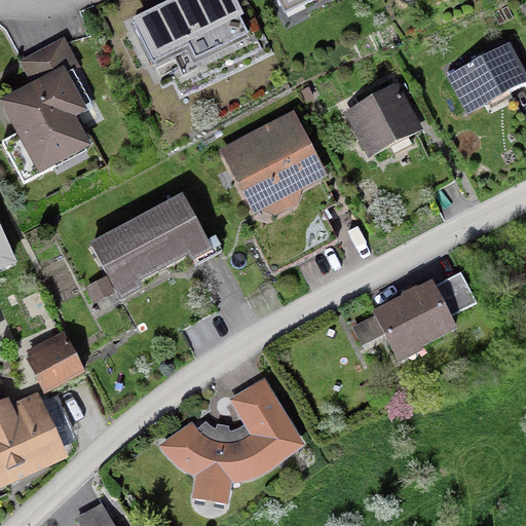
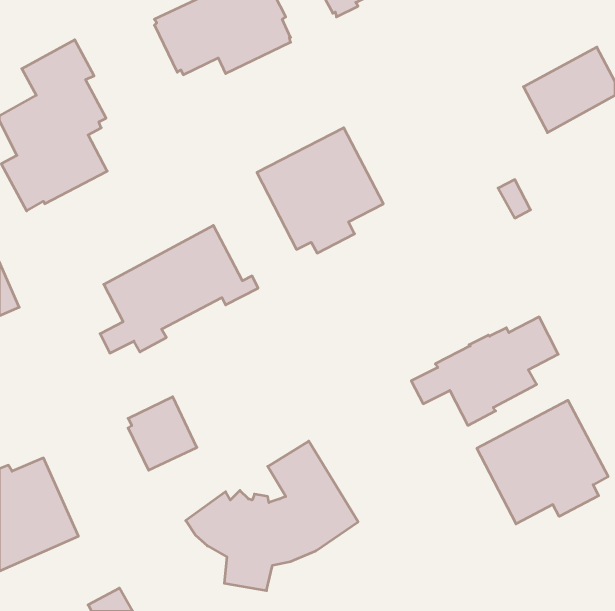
building: [344,81,422,155] -> none
building: [26,330,84,392] -> [128,397,197,470]
building: none -> [477,400,608,524]

